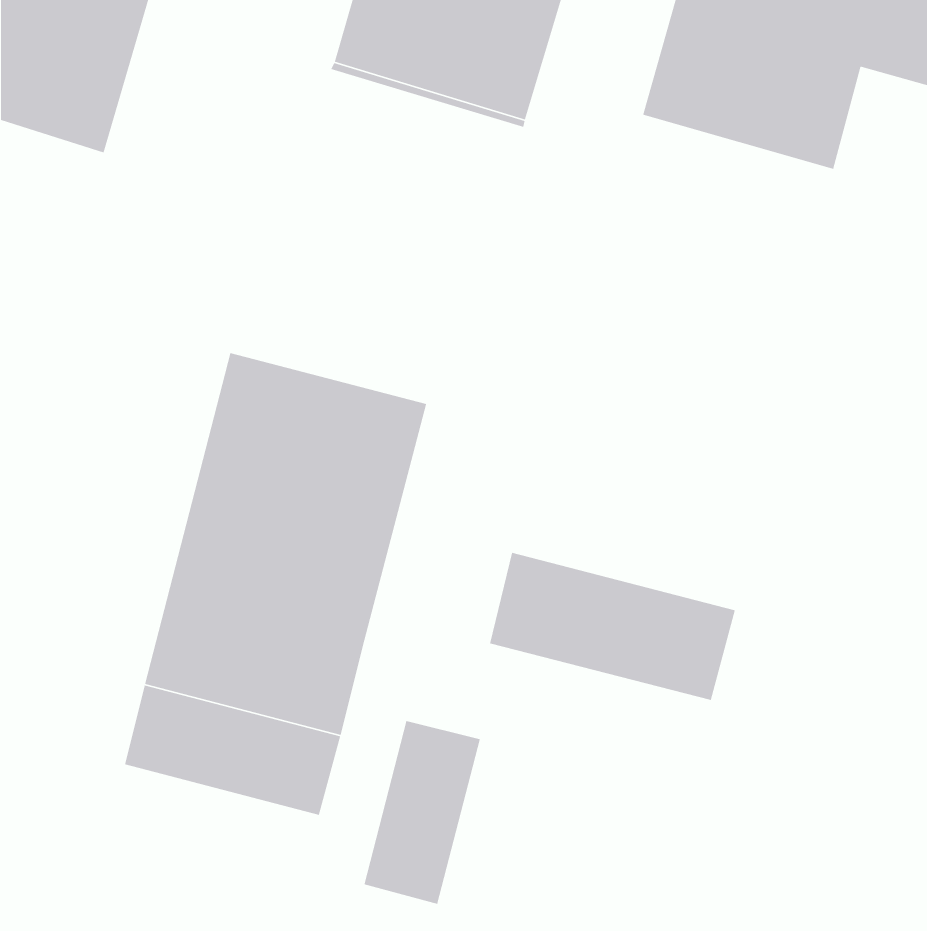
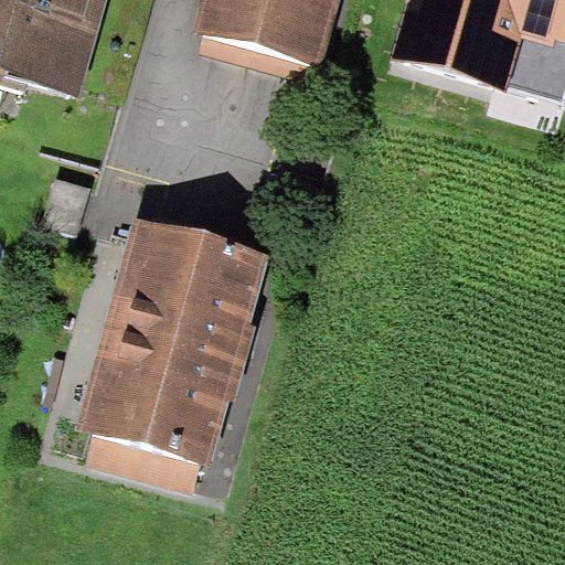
building: [489,552,736,701] -> none
building: [363,720,481,905] -> none

